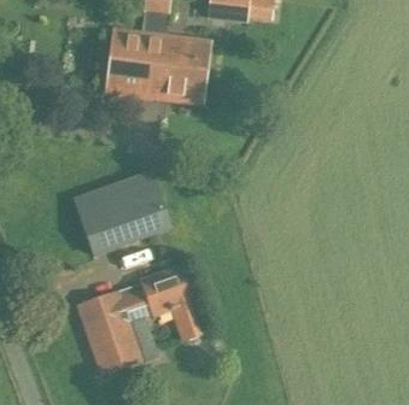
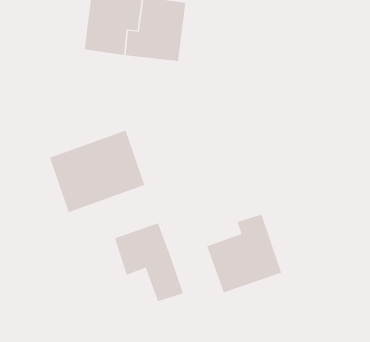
building: none -> [206,214,282,293]
building: [76,289,145,374] -> none

